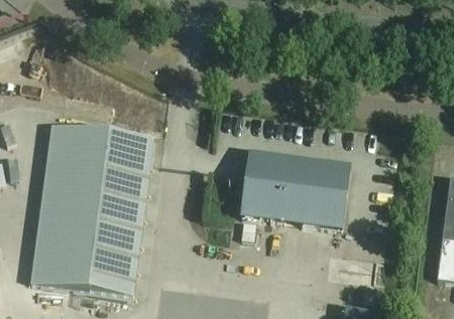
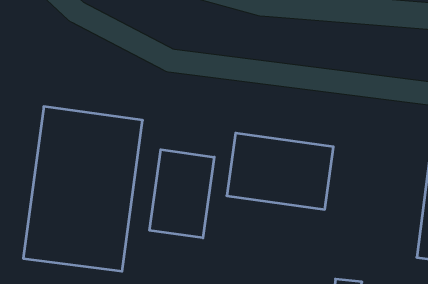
building: none -> [150,150,214,238]

